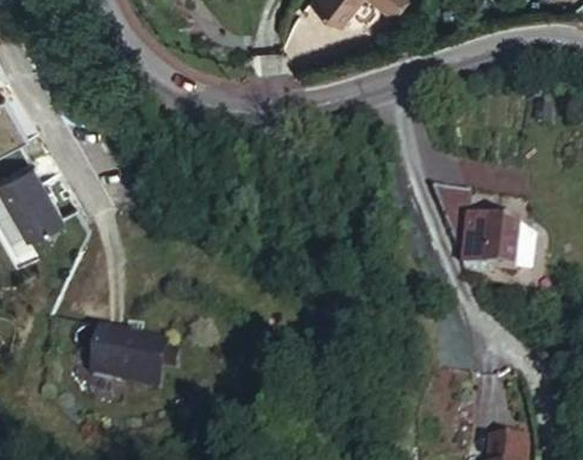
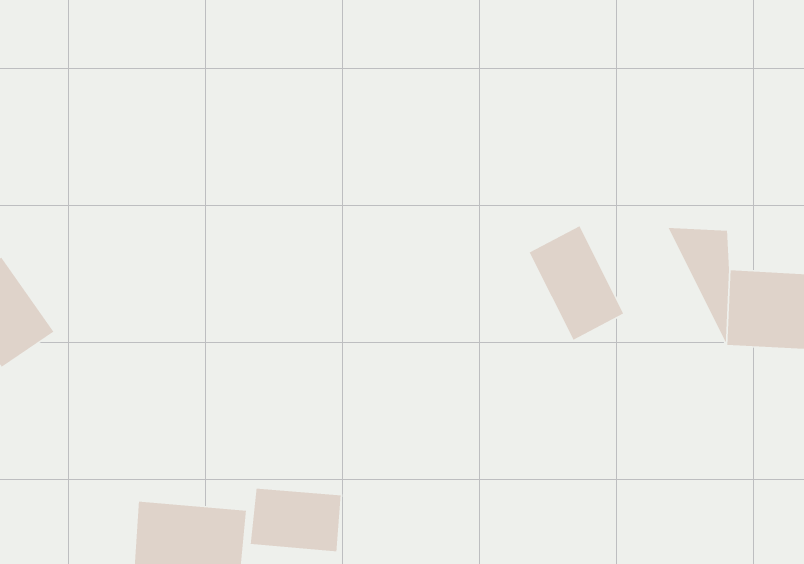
building: none -> [528,225,624,341]
building: none -> [250,488,342,552]

